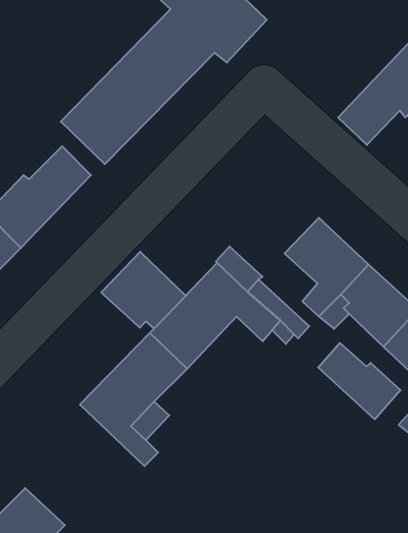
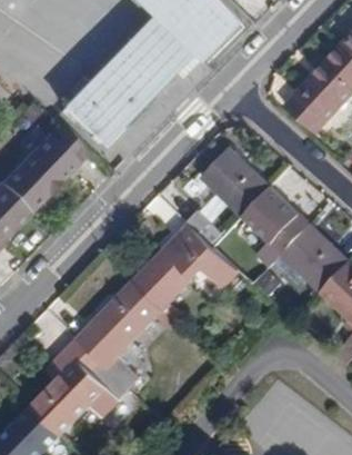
building: none -> [201,149,269,216]
building: [101,252,186,328] -> none
building: [318,343,401,419] -> none
building: none -> [30,338,128,436]

